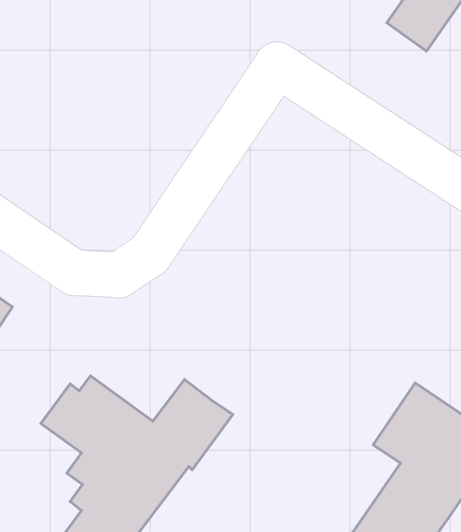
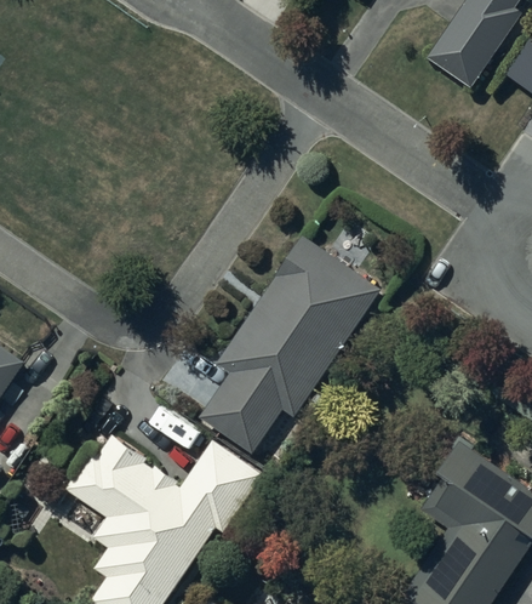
building: none -> [198,240,376,455]

